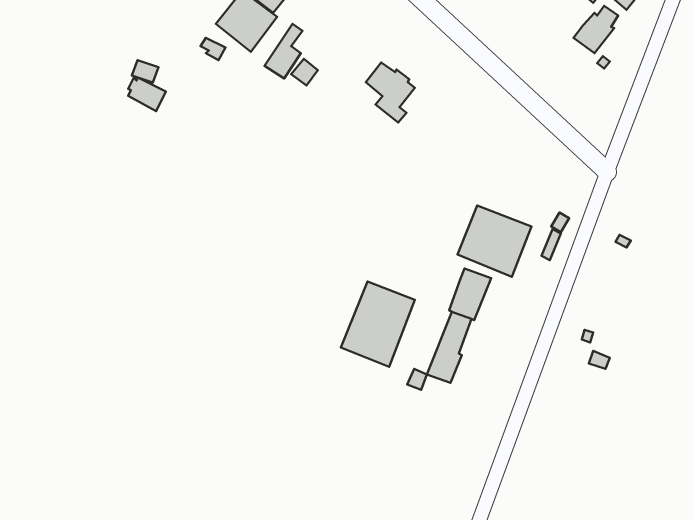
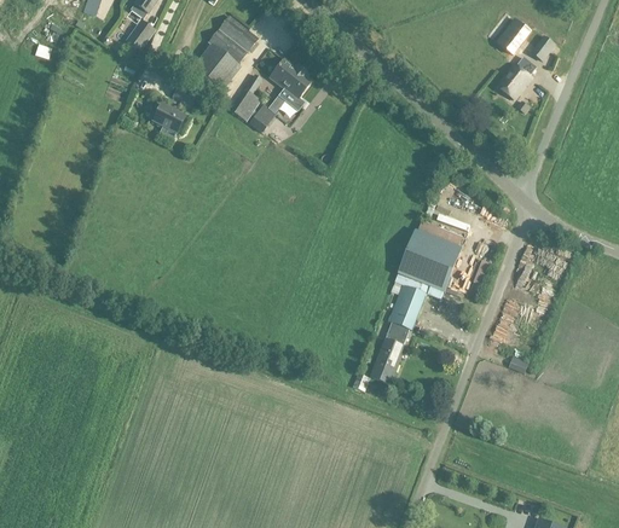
building: [366,63,415,123] -> [270,58,312,110]
building: [128,78,166,111] -> [152,103,185,132]
building: [341,282,415,367] -> none

